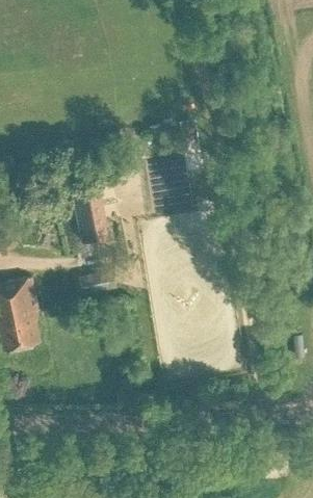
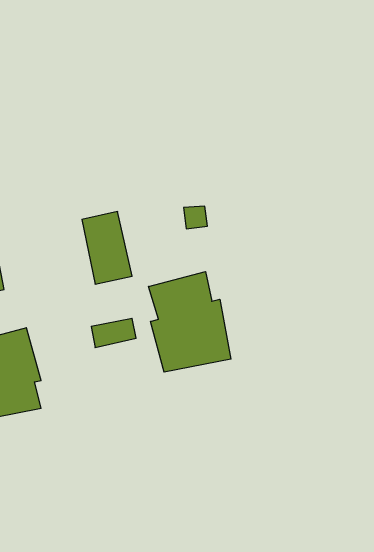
building: none -> [149,272,231,372]

